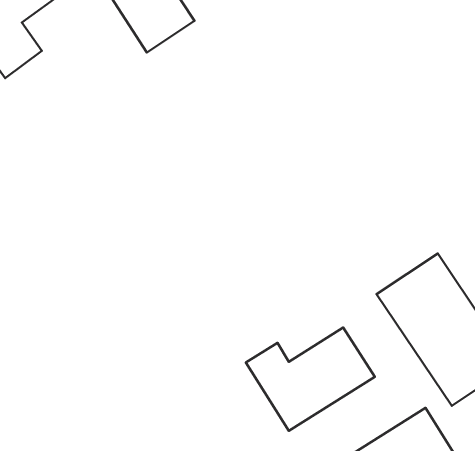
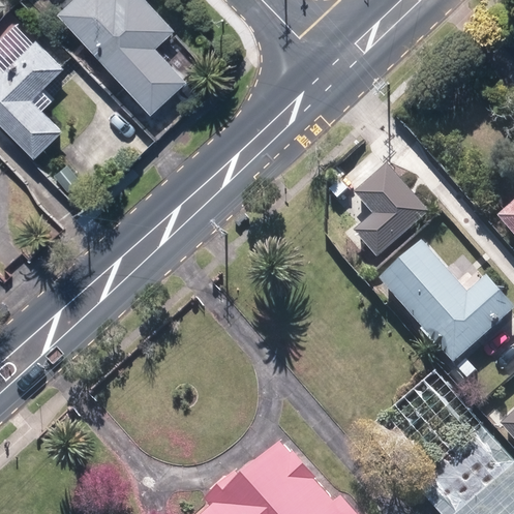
building: none -> [353,163,429,256]
building: [246,327,375,431] -> none

